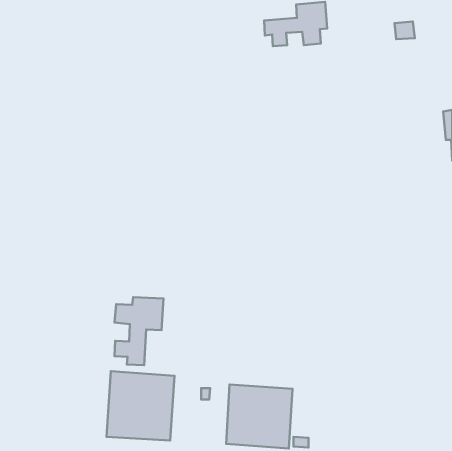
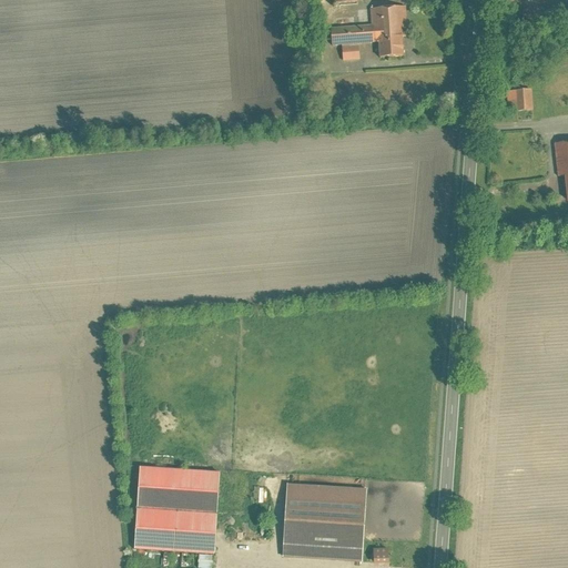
building: [394,21,415,39] -> [508,87,534,109]
building: [114,297,164,365] -> none

